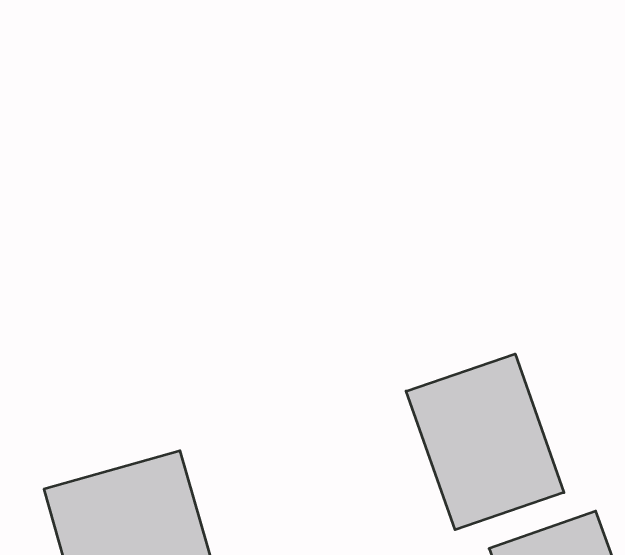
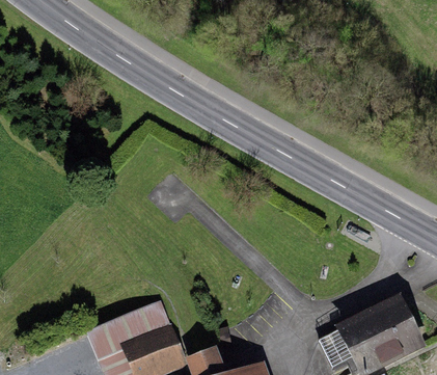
building: [406,354,564,530] -> none

